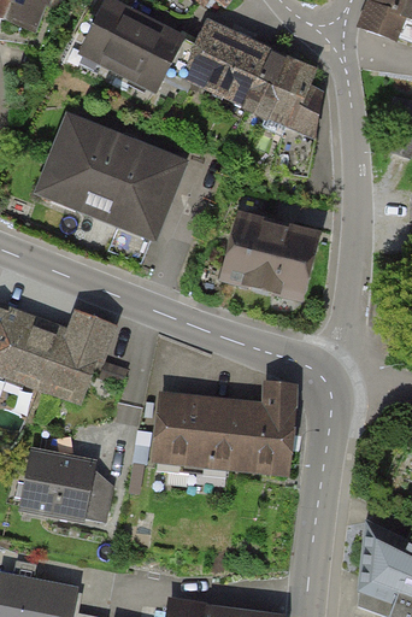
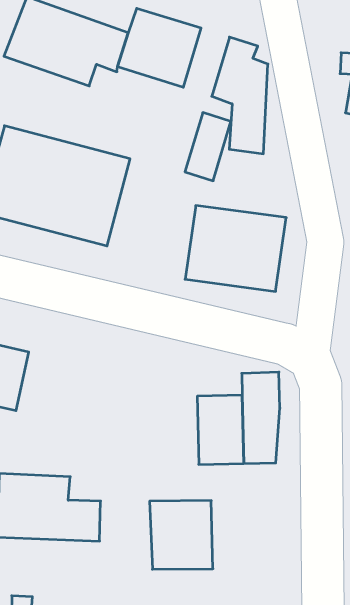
building: [242,52,292,117] -> [185,113,231,181]
building: [45,310,113,400] -> none
building: [152,388,216,459] -> [150,501,213,569]

